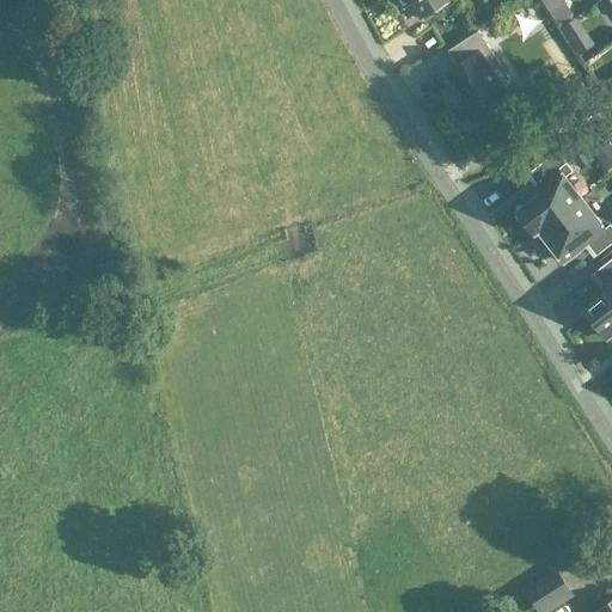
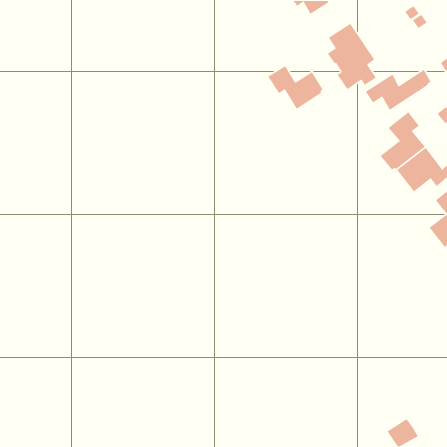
building: none -> [267,65,323,110]
building: none -> [365,69,432,111]

